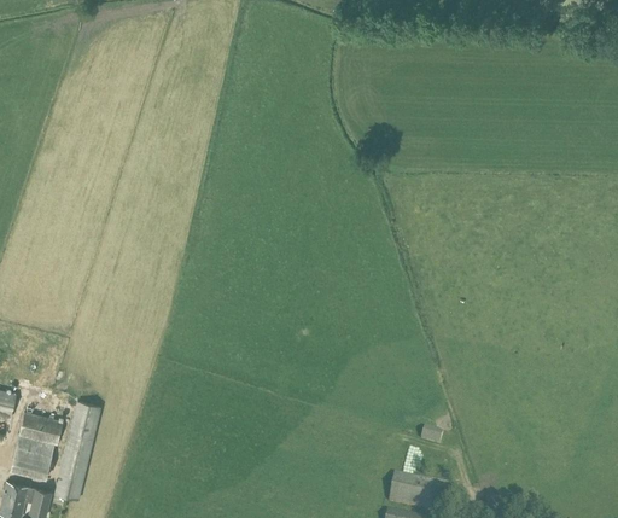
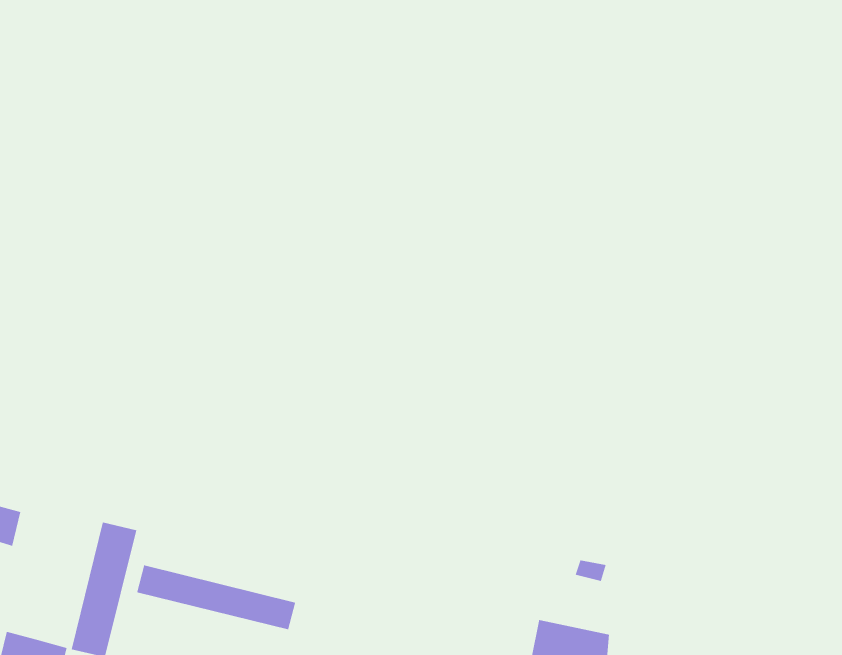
building: [10,411,63,478] -> none
building: none -> [137,565,296,630]

